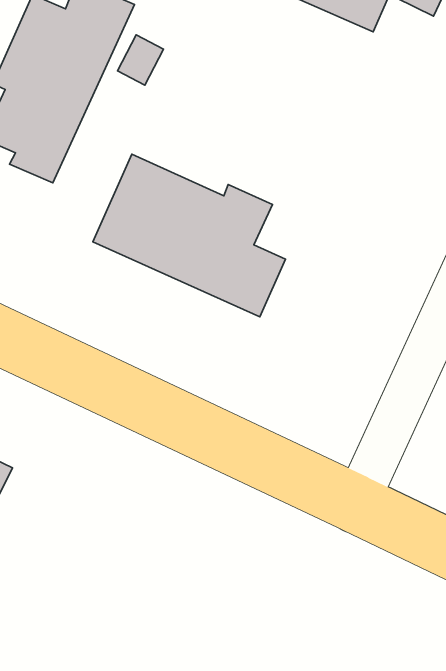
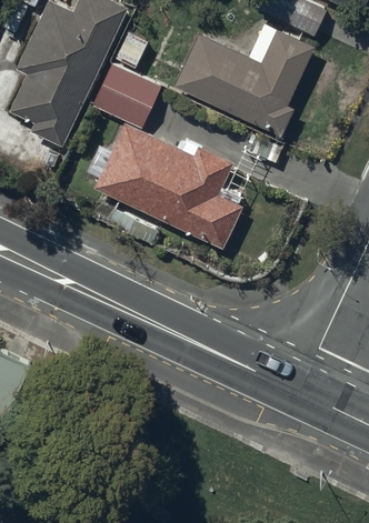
building: none -> [173,30,313,134]
building: none -> [93,64,160,127]

